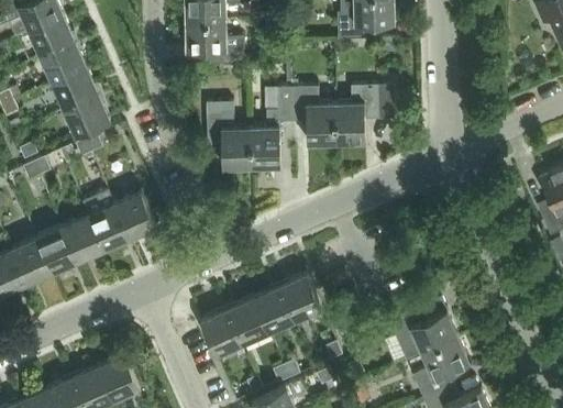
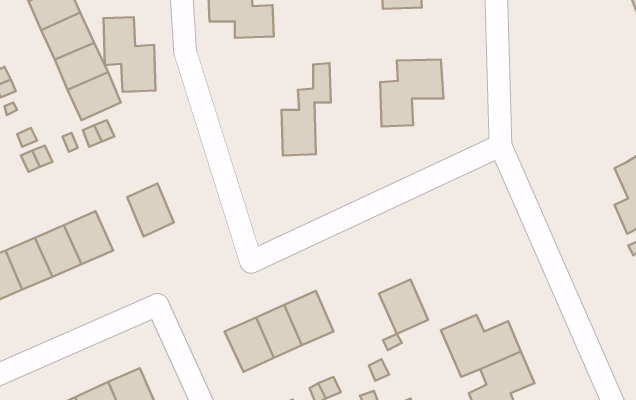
building: [291,87,336,144] -> none
building: [206,104,251,169] -> [104,17,155,92]
building: [81,191,130,251] -> none
building: [279,274,322,321] -> [379,279,428,334]

